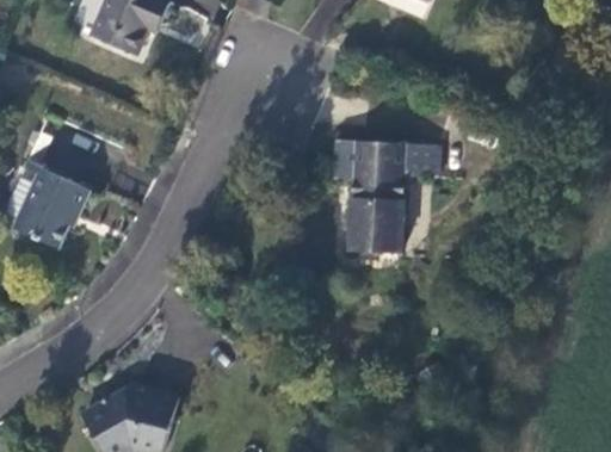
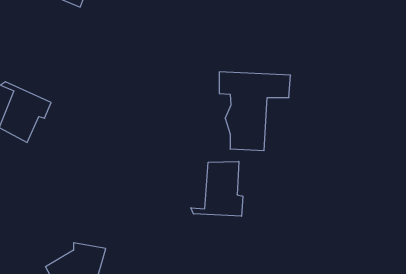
building: none -> [191,161,243,216]

